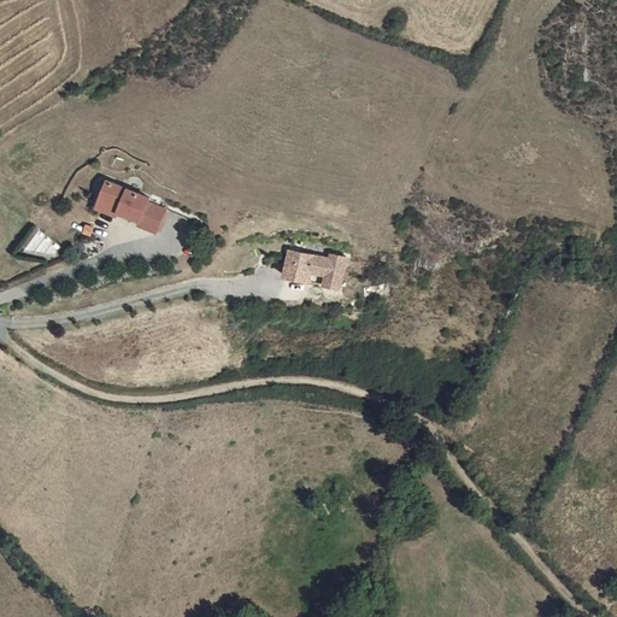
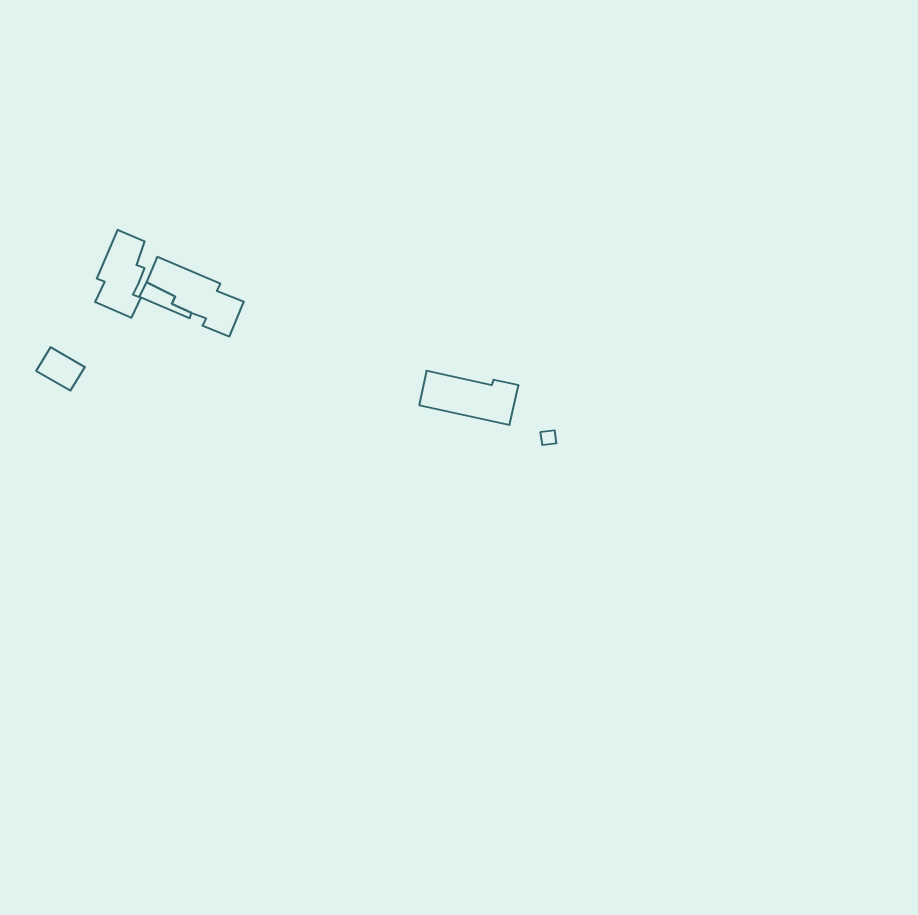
building: none -> [95,230,144,318]

